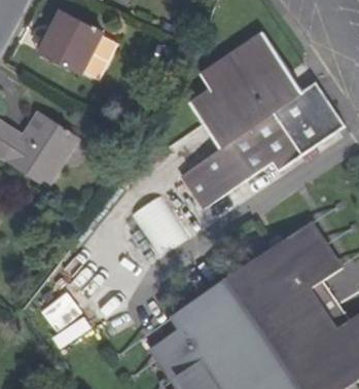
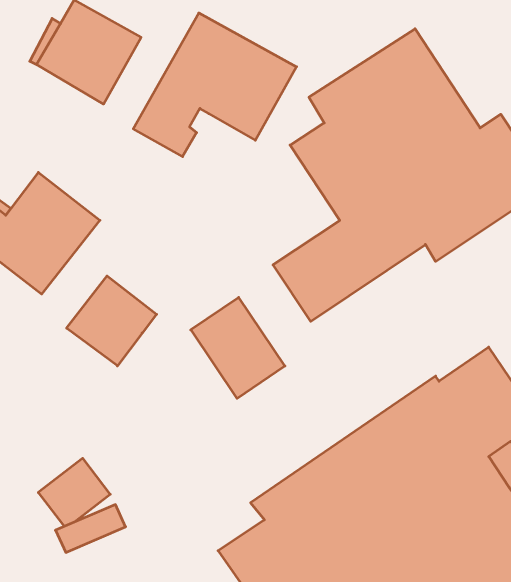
building: none -> [133,13,297,157]
building: none -> [67,276,157,366]

